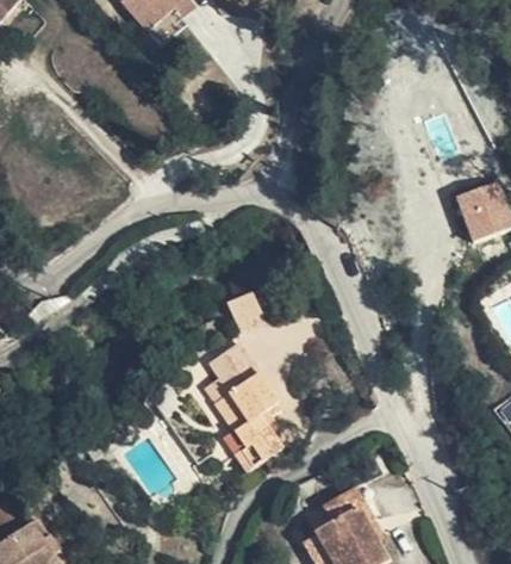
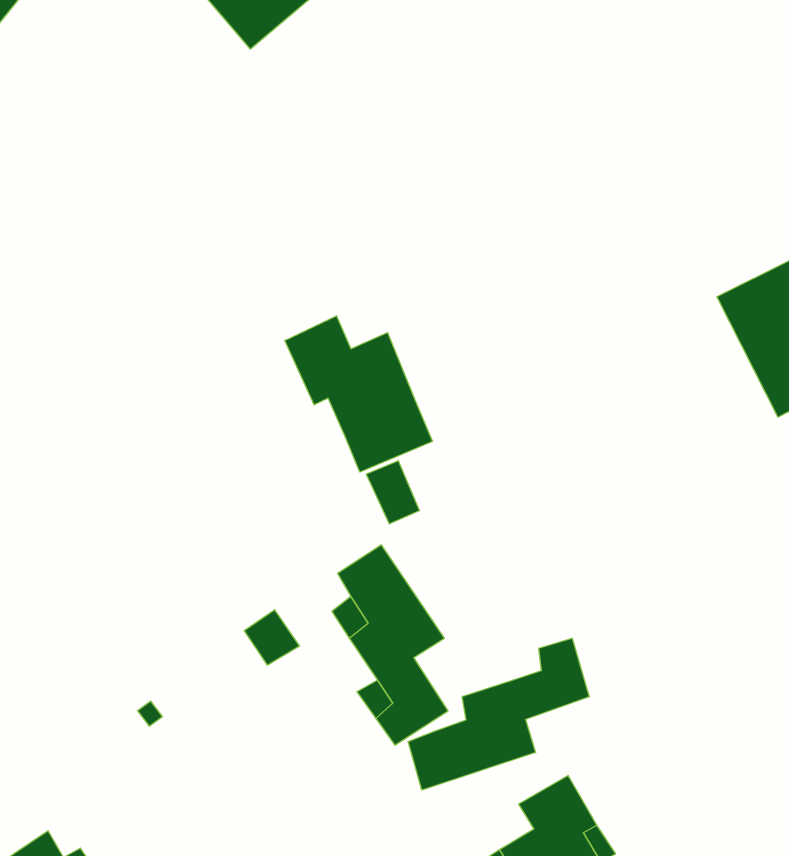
building: none -> [285,316,432,472]
building: none -> [408,638,589,790]

